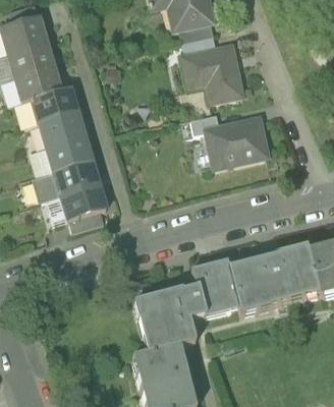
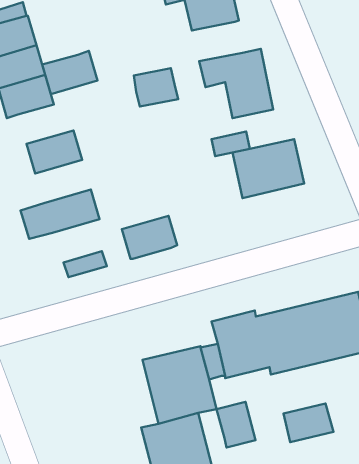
building: [180,20,217,52] -> [134,68,178,106]
building: [32,85,77,121] -> [42,51,98,94]
building: [46,134,92,170] -> none
building: [60,183,106,219] -> [122,216,177,259]
building: none -> [216,402,255,448]
building: none -> [283,404,333,442]

